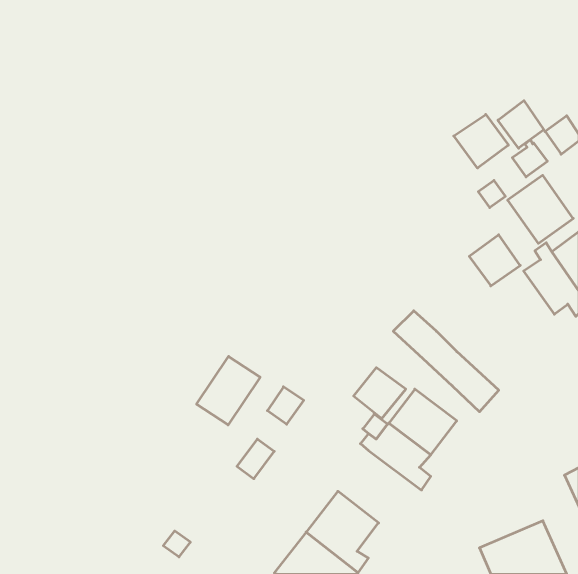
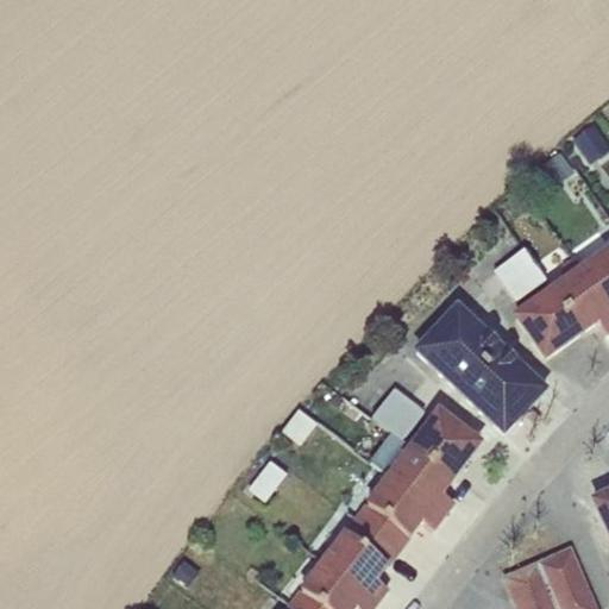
building: [498,101,544,148] -> none
building: [454,114,508,168] -> none
building: [508,175,573,243] -> [514,284,583,356]
building: none -> [435,303,545,409]
building: [197,356,260,425] -> none
building: none -> [356,472,444,548]

